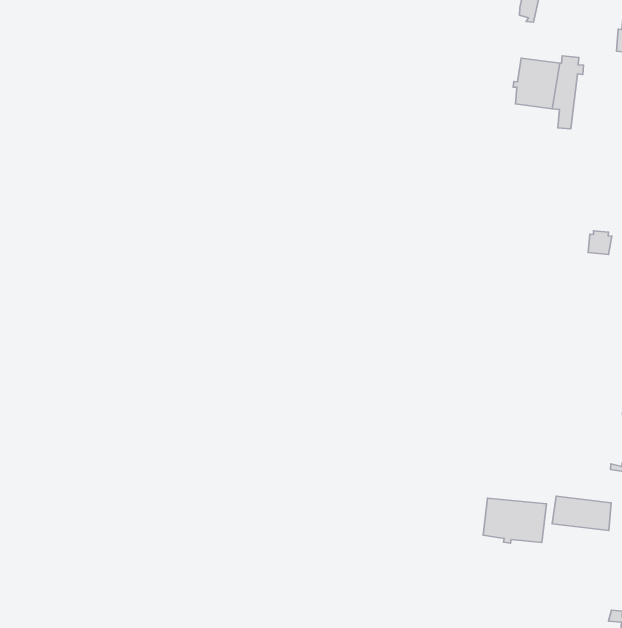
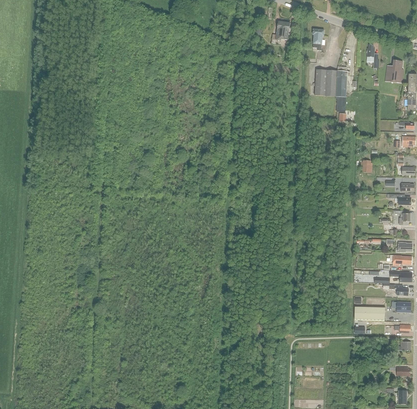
building: [483,498,547,543] -> none

